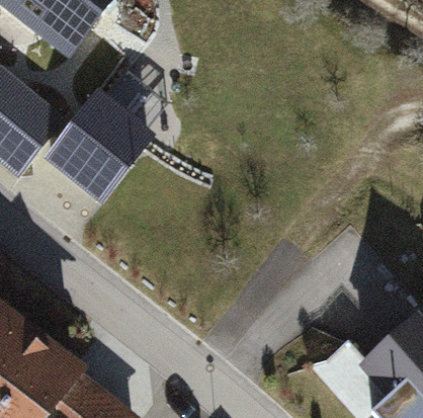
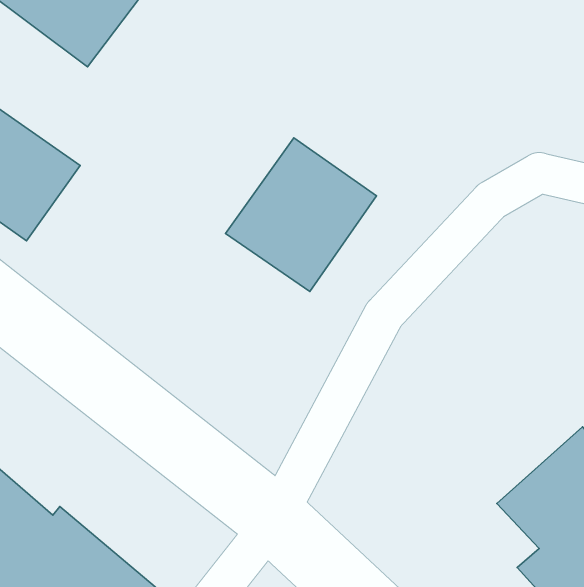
building: [53,93,158,200] -> [226,138,376,291]

